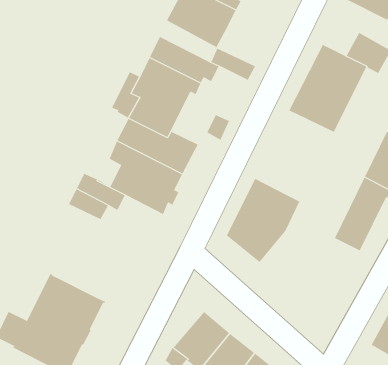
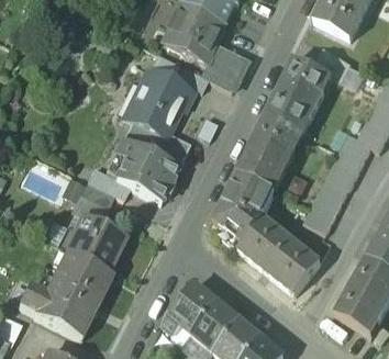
building: none -> [205,45,246,77]
building: none -> [237,114,304,191]
building: none -> [68,215,124,272]
building: none -> [238,216,320,293]

